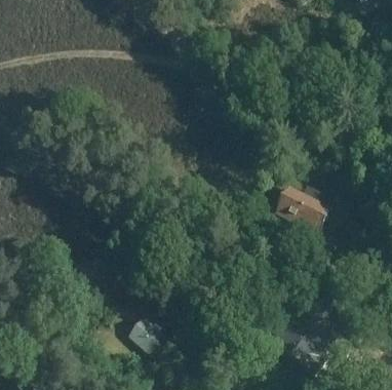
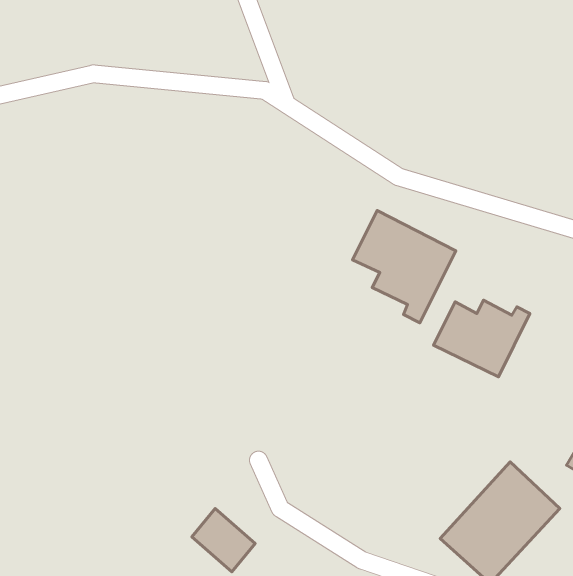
building: none -> [353,211,456,323]

